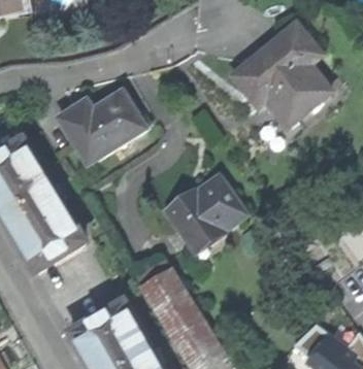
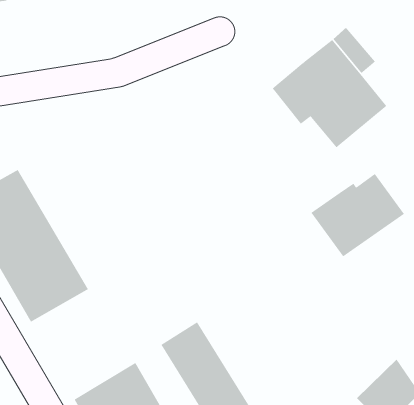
building: [57,91,144,164] -> none
building: [167,178,245,248] -> [311,173,405,257]

